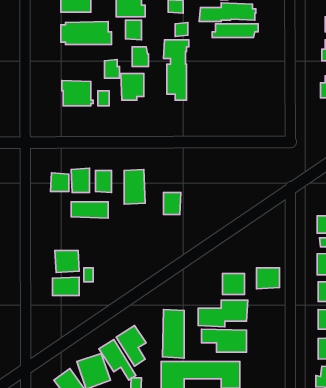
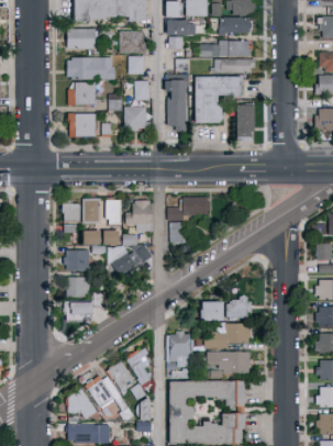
building: none -> [199,78,245,124]
building: none -> [71,83,100,107]
building: none -> [241,104,258,144]
building: none -> [166,196,206,220]
building: none -> [106,234,148,267]
building: none -> [64,249,88,270]
building: [257,268,280,289] -> [197,301,219,321]

